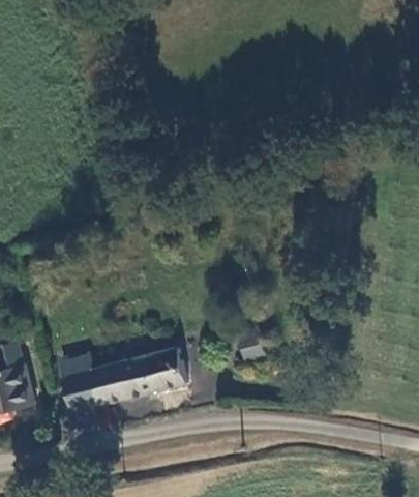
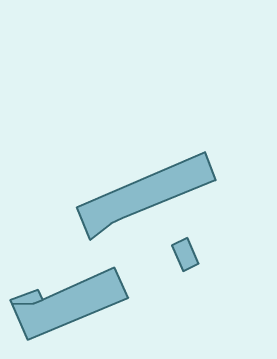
building: none -> [77,152,216,240]

